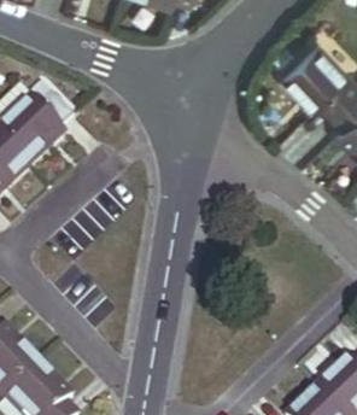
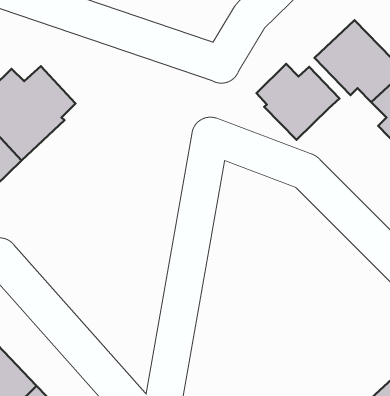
building: none -> [256,64,339,140]

